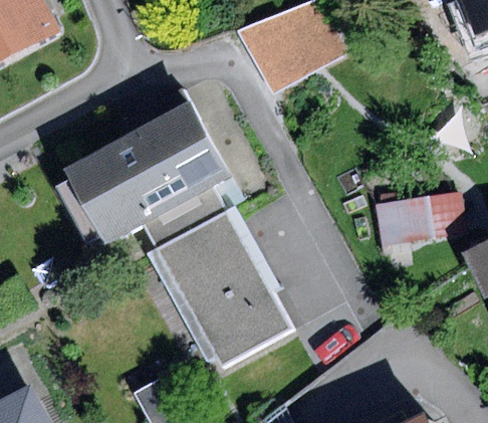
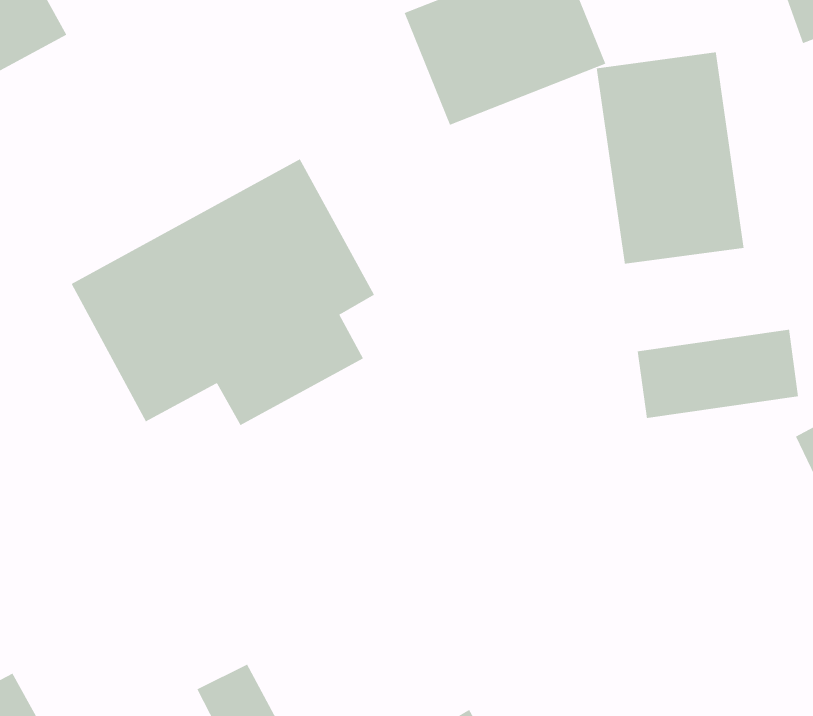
building: none -> [596,52,744,265]
building: [156,211,287,366] -> none

